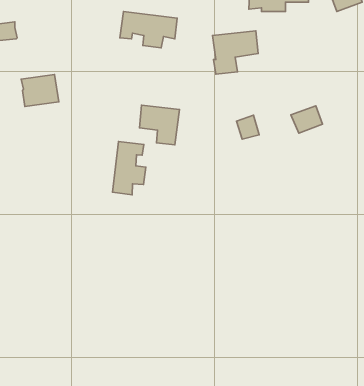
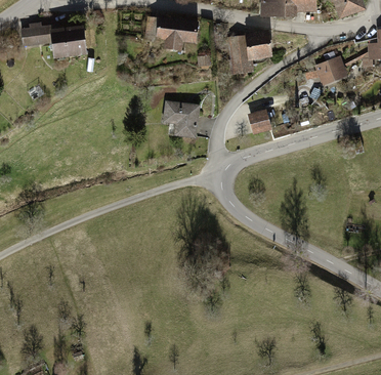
building: [21,74,59,106] -> [51,27,85,55]
building: [291,106,323,133] -> [315,57,344,82]
building: [112,142,146,195] -> none

